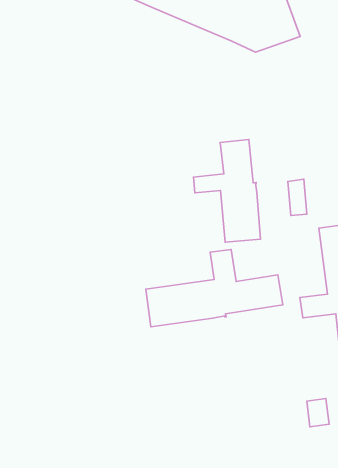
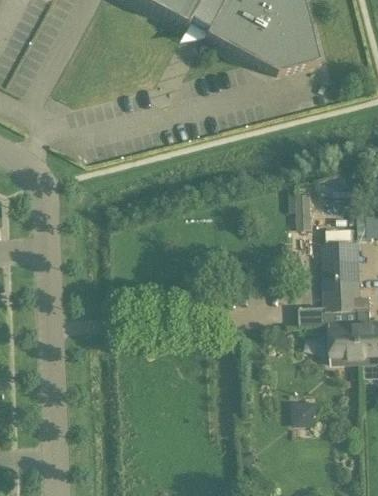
building: [193,140,261,242] -> none
building: [146,249,283,327] -> none

